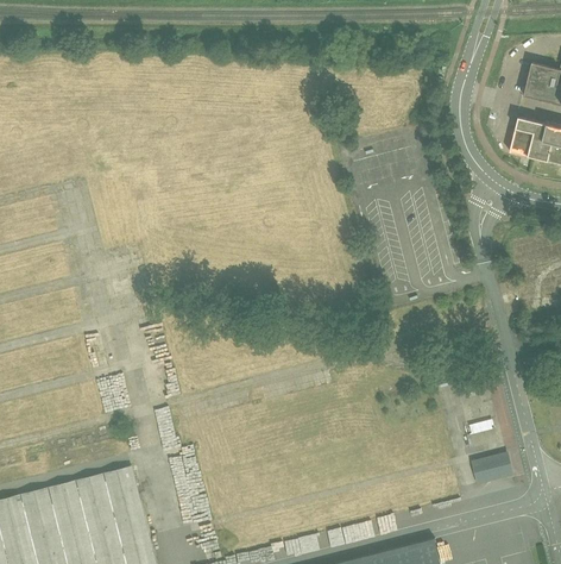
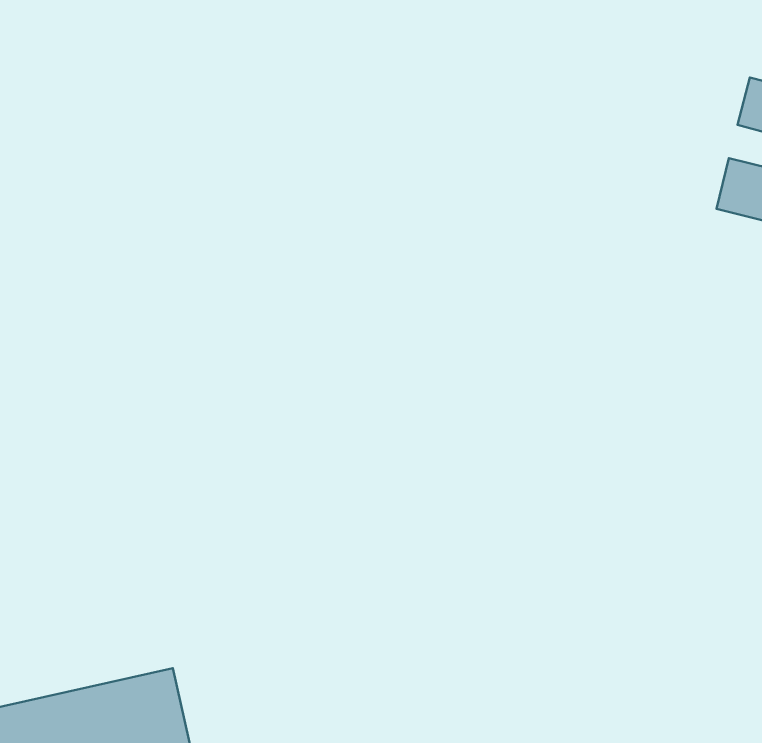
building: [471,451,512,483] -> none

